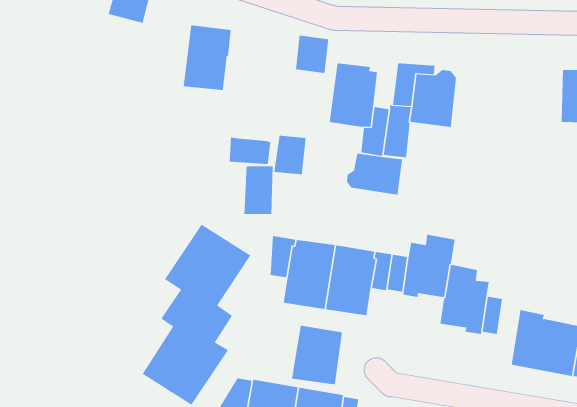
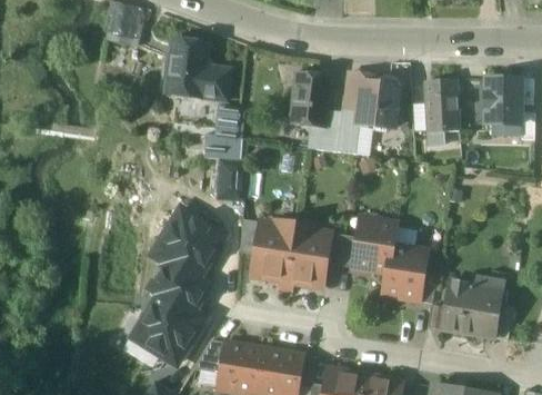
building: [295,35,329,73] -> [200,67,229,99]
building: none -> [424,78,458,132]
building: [273,135,306,175] -> [212,105,240,138]
building: [346,153,403,196] -> none
building: [291,325,342,385] -> none

